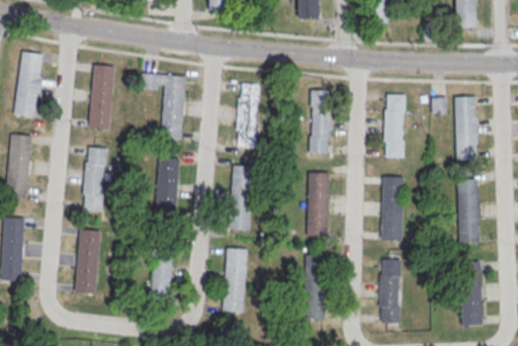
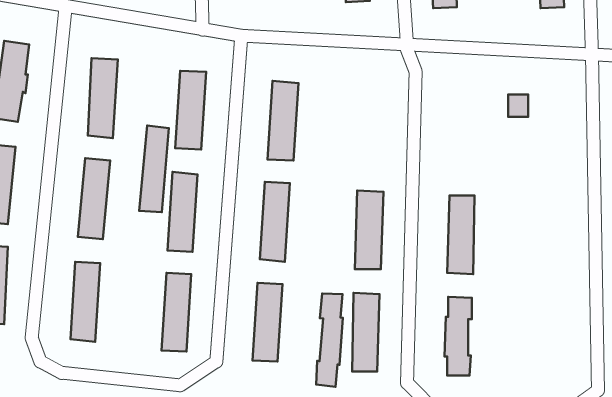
building: [310,90,332,154] -> none
building: [383,94,407,158] -> none
building: [455,97,479,161] -> none
building: none -> [139,126,169,212]
building: [458,180,482,243] -> none
building: none -> [316,293,343,387]
building: [460,263,485,326] -> none

